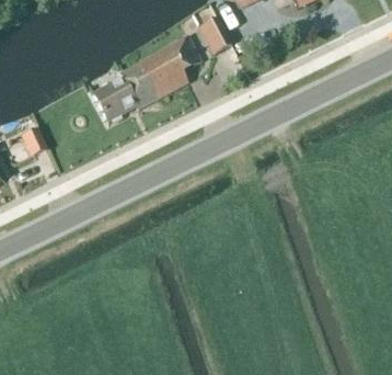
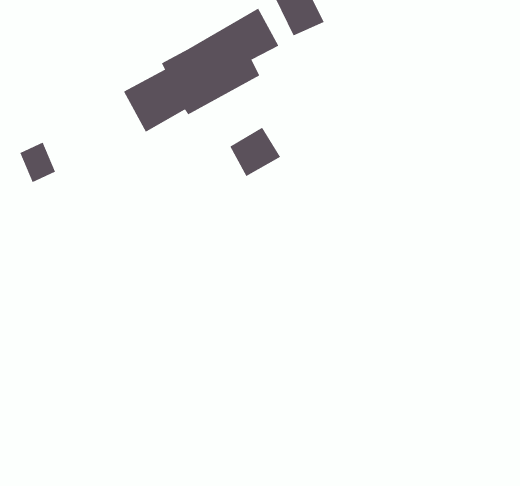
building: none -> [230,127,281,177]

